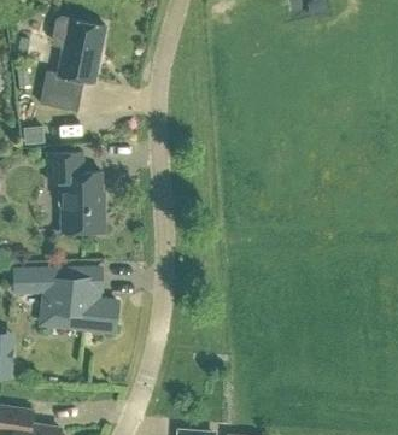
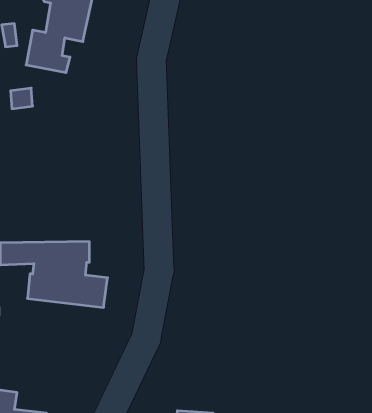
building: [47,152,105,231] -> none

